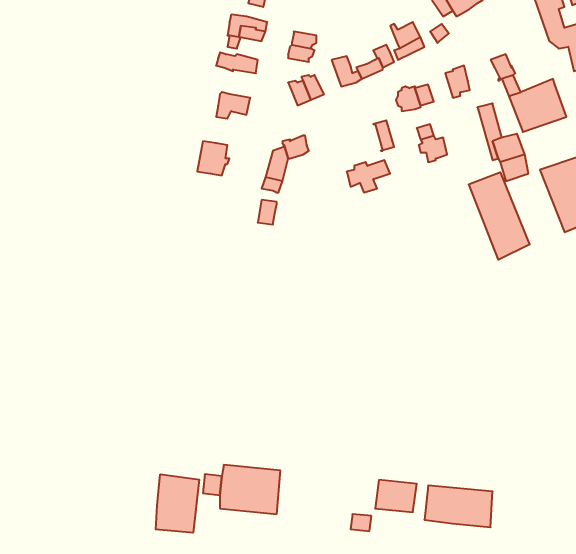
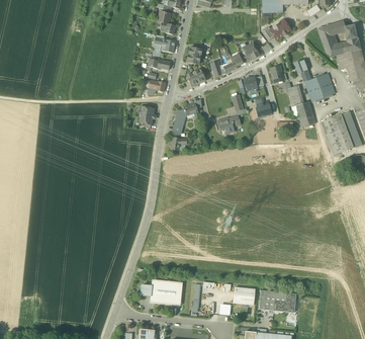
building: [469,172,530,260] -> none
building: [156,474,199,533] -> none

